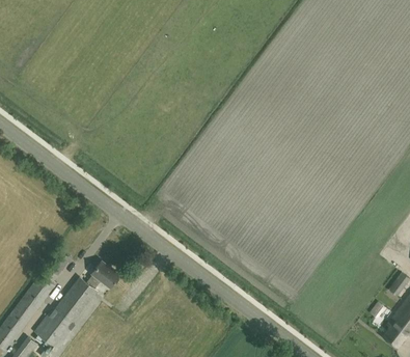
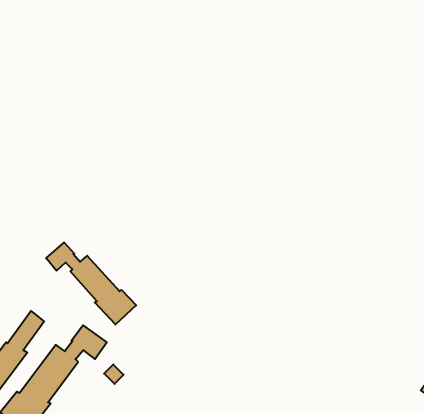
building: none -> [46,242,136,325]

